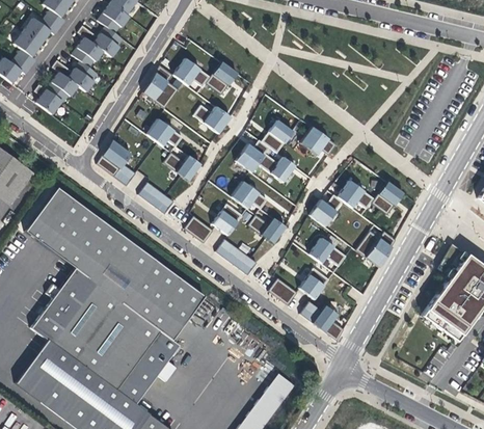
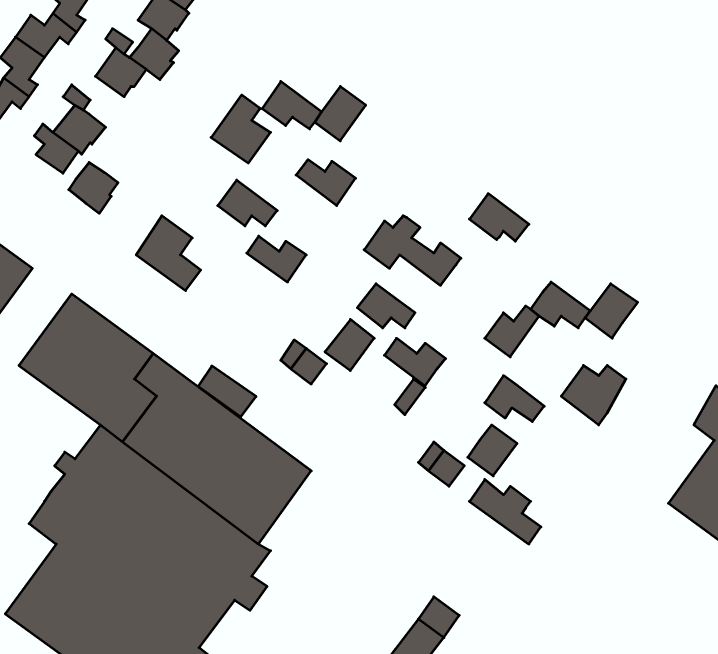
building: [68,60,98,91] -> [69,162,118,213]
building: [262,119,293,152] -> none
building: [139,182,174,213] -> [198,366,256,417]
building: [216,238,257,274] -> none

